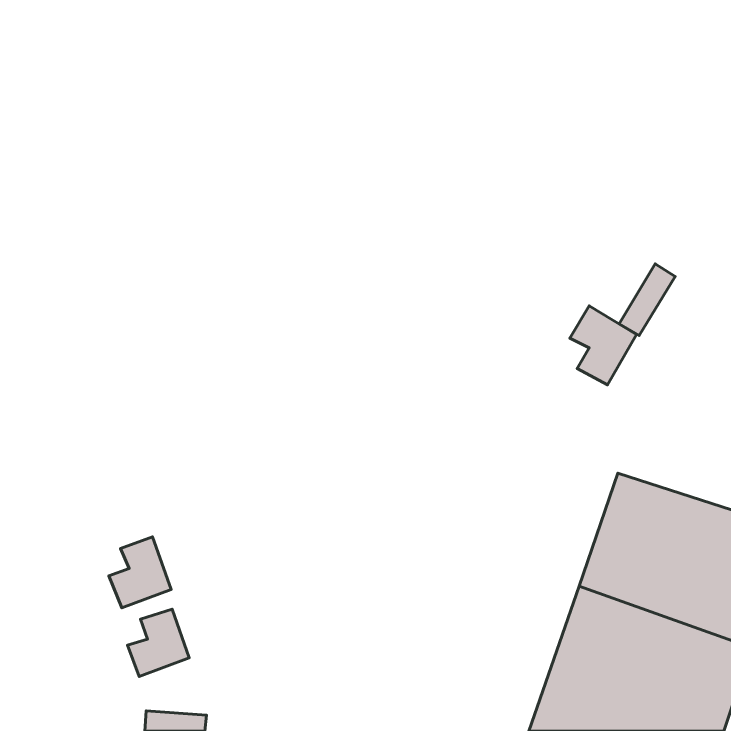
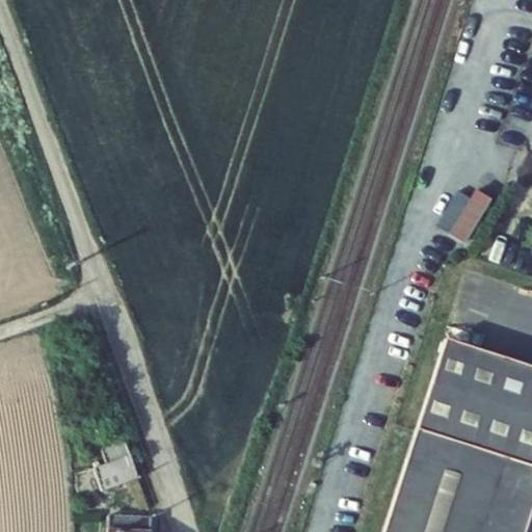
building: [570,306,637,385] -> none
building: [109,537,171,608] -> none

